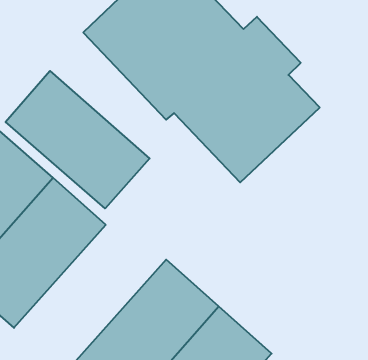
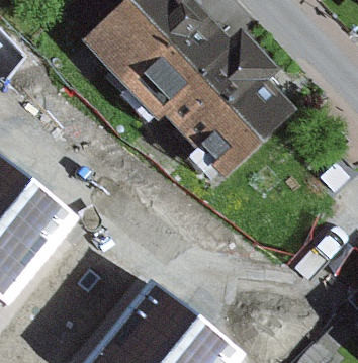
building: [6,71,150,208] -> none

